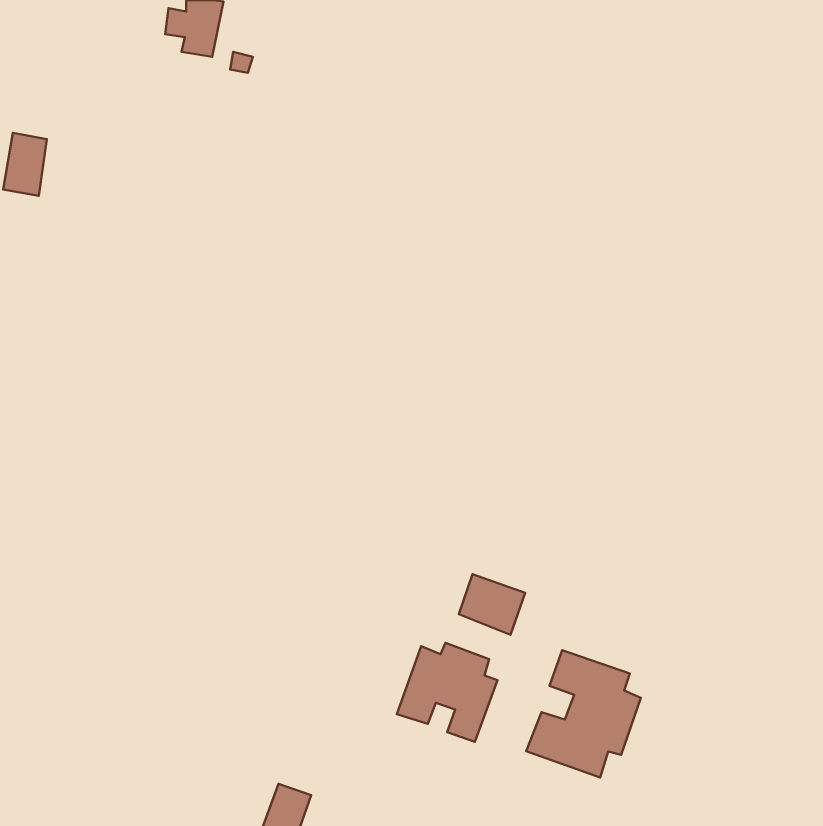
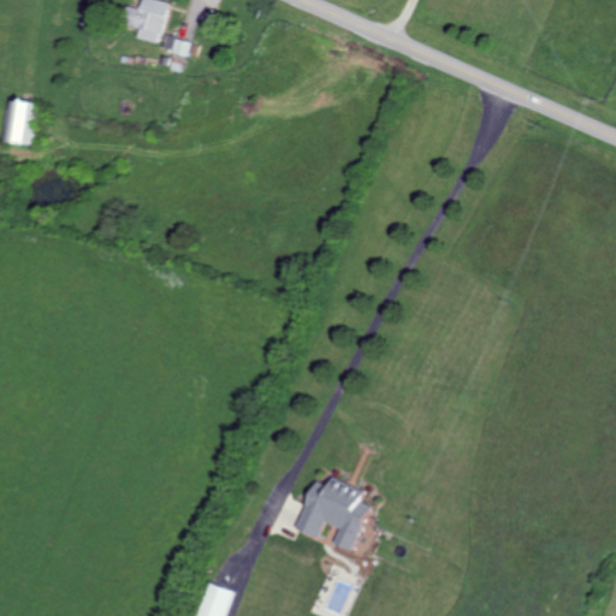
building: [459,574,525,635] -> none
building: [526,650,641,777] -> none

